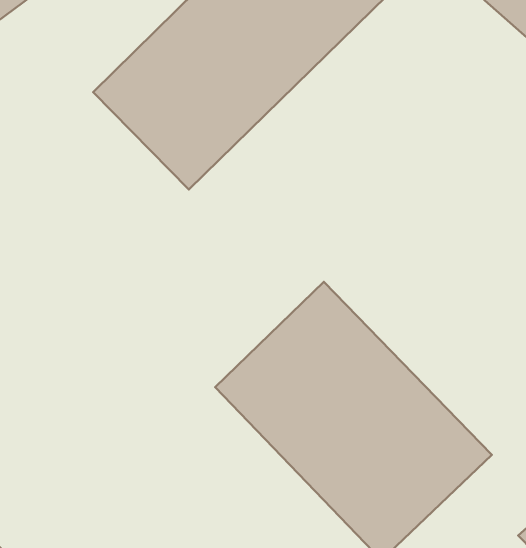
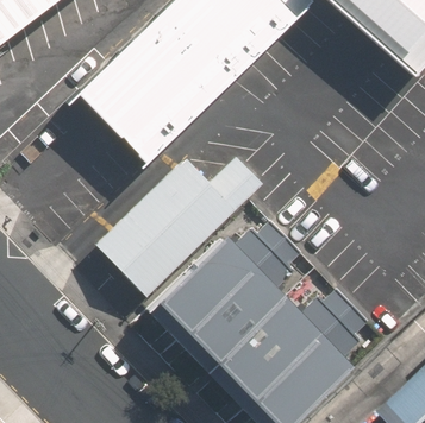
building: none -> [93,139,250,285]

